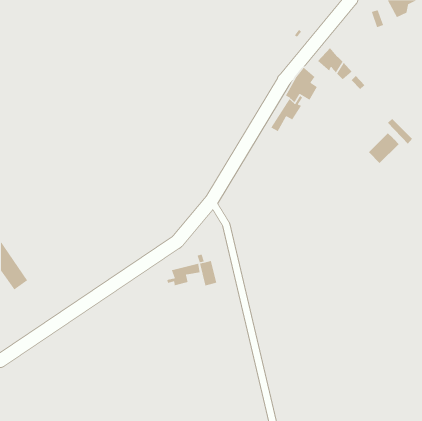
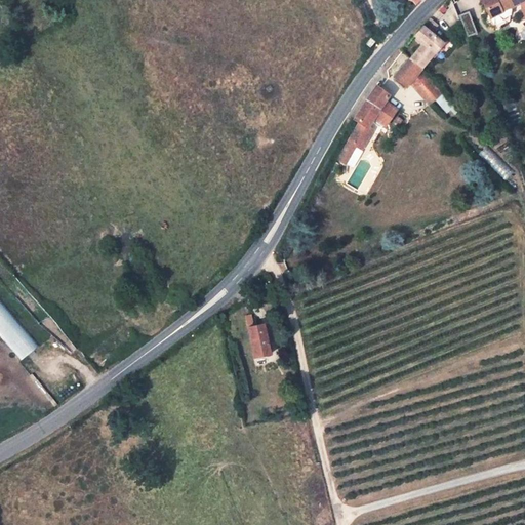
building: none -> [410,26,444,70]
building: [368,132,399,164] -> none
building: [166,263,201,286] -> none

